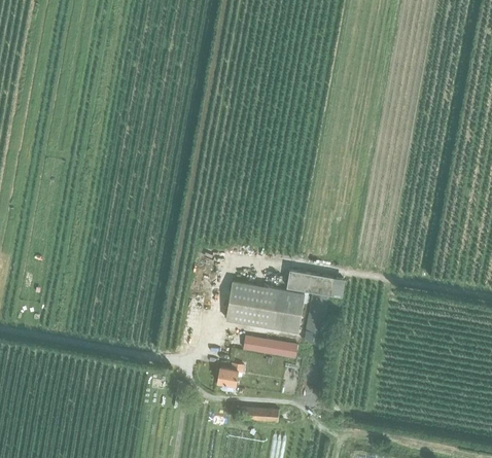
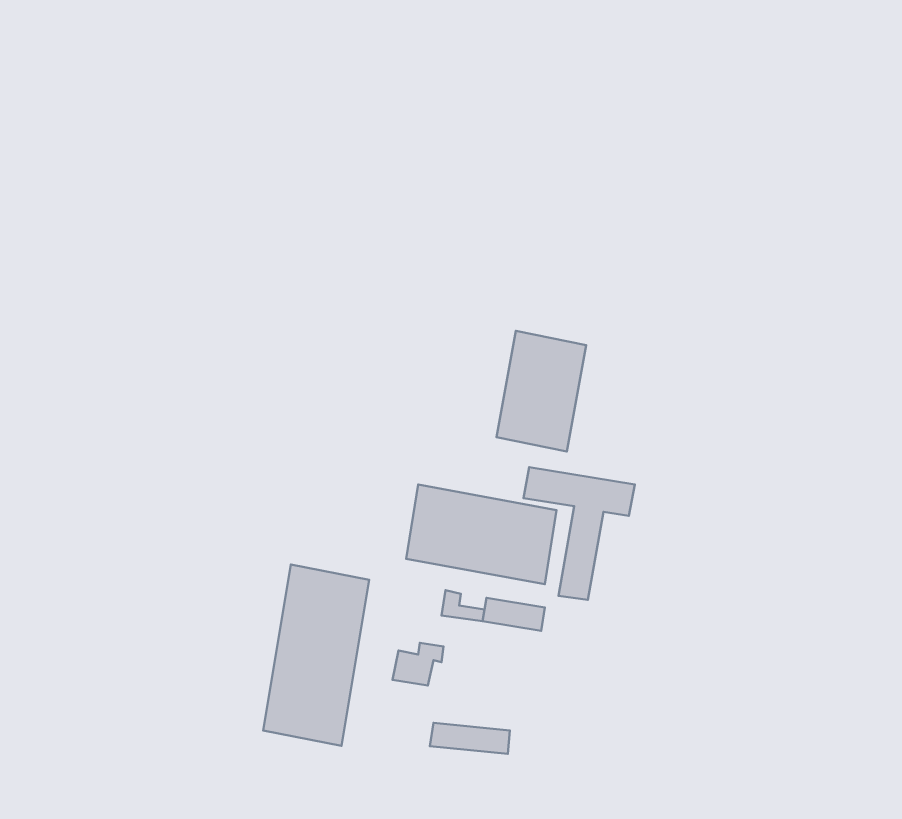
building: none -> [497,331,586,451]
building: none -> [263,565,369,746]

